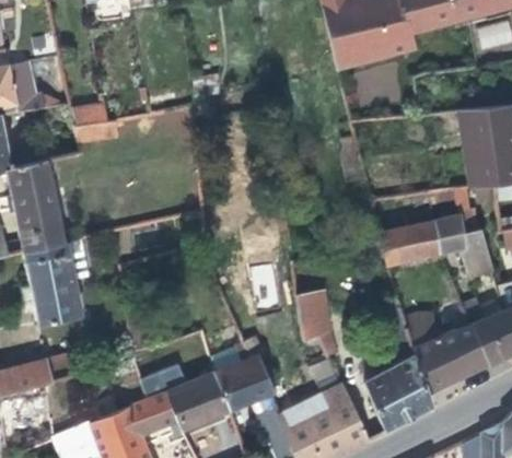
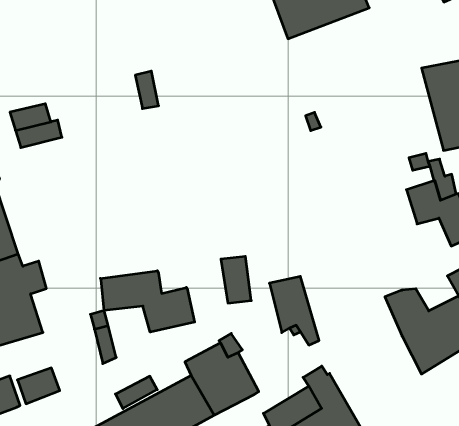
building: [379,221,440,266] -> none
building: none -> [100,271,195,332]
building: [366,298,433,432] -> none

